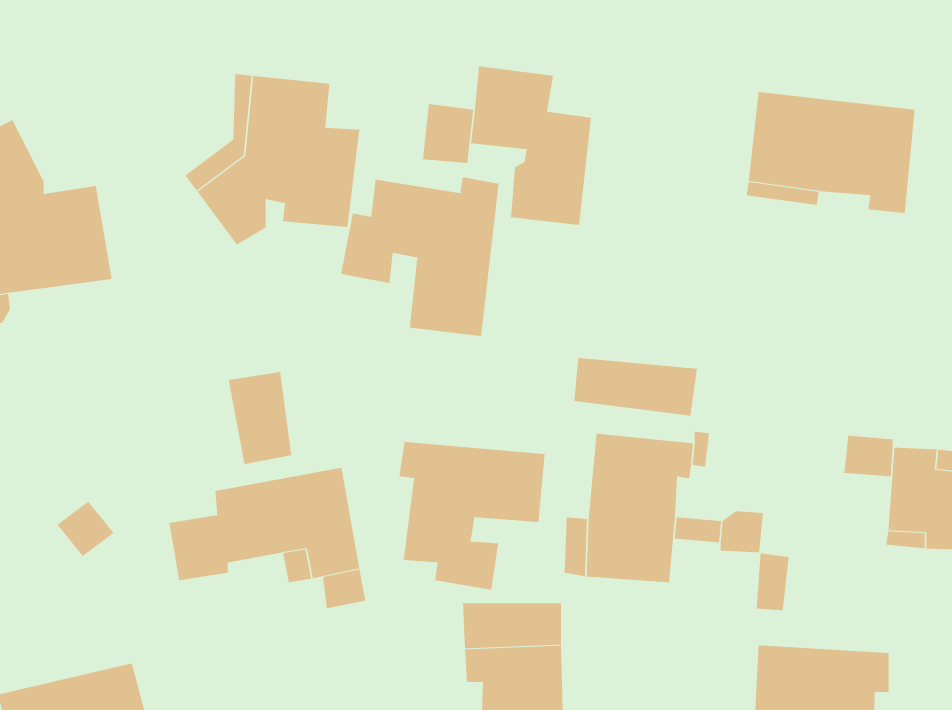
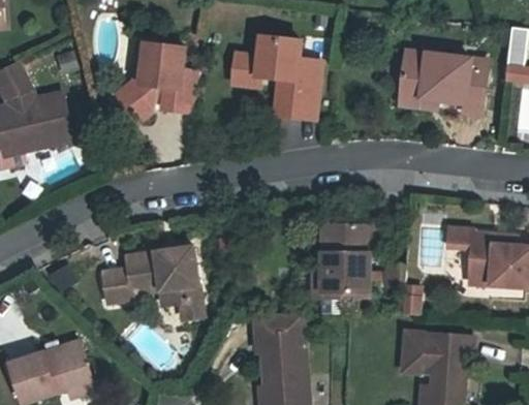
building: [340,176,499,337] -> none
building: [574,357,698,417] -> none
building: [228,371,292,465] -> none
building: [399,441,545,591] -> none

